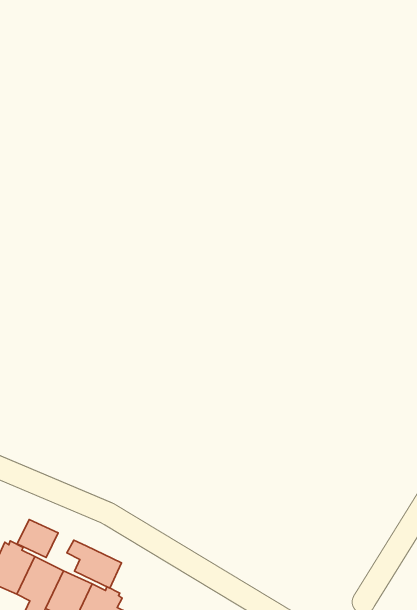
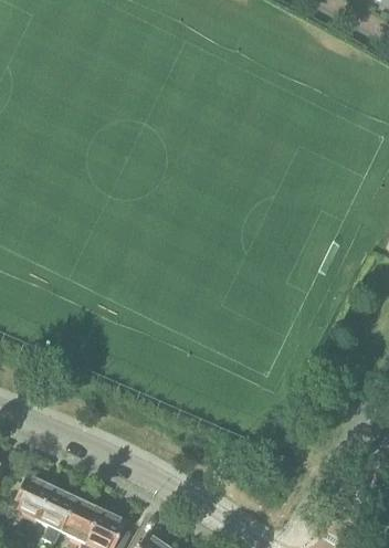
building: [17,519,58,557] -> none
building: [67,540,122,588] -> none

